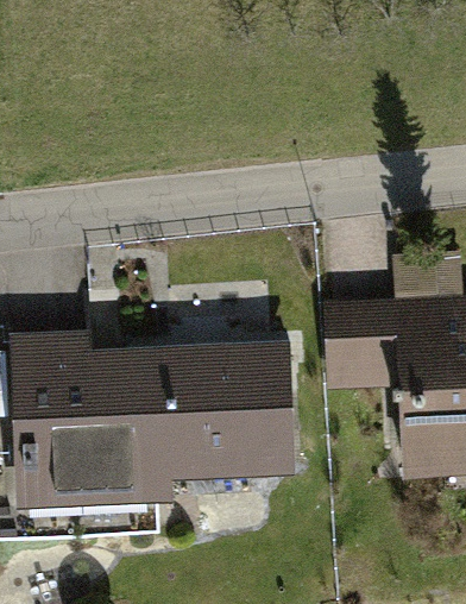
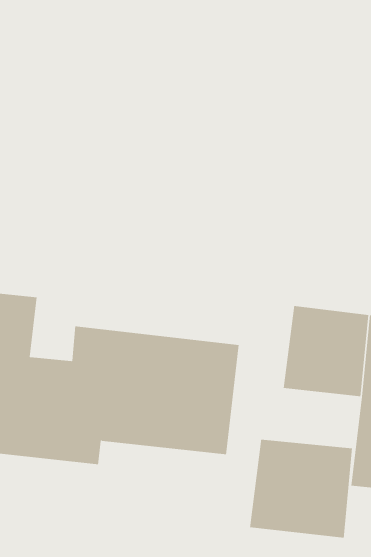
building: none -> [250,439,352,538]

